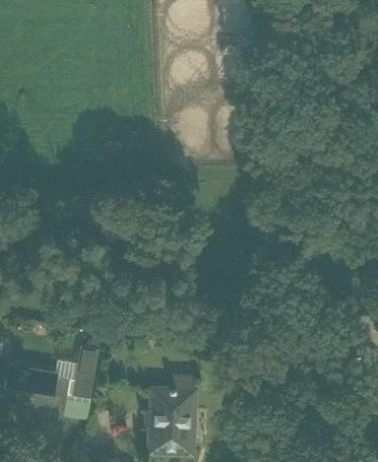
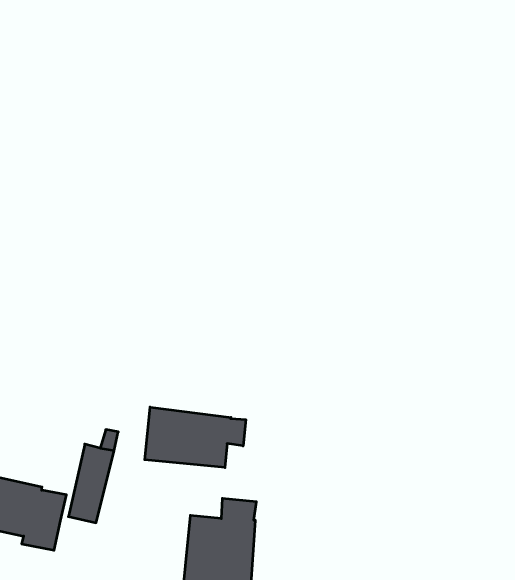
building: none -> [145,407,246,468]

